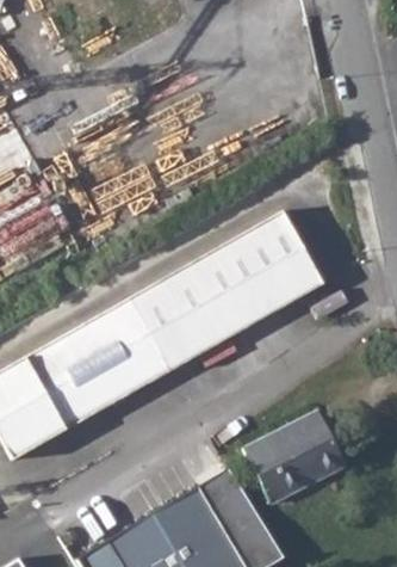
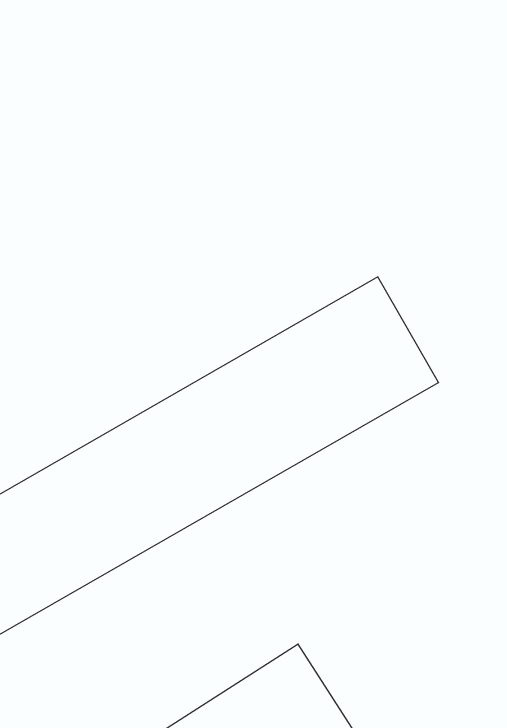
building: [246,412,346,503] -> none

